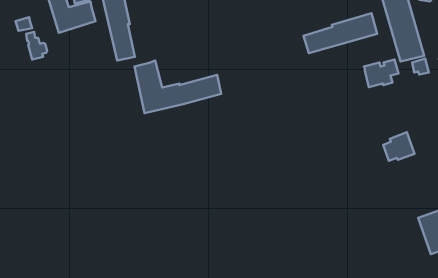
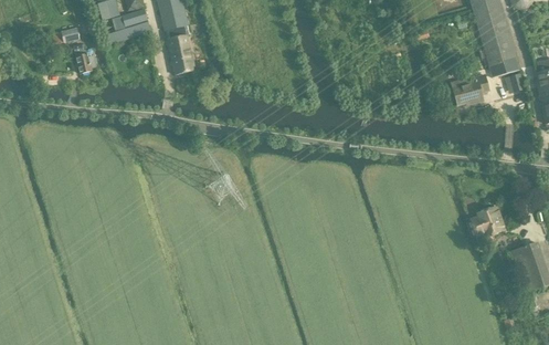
building: [304,13,377,53] -> none
building: [134,60,221,113] -> none
building: [383,132,415,161] -> [469,206,505,238]

